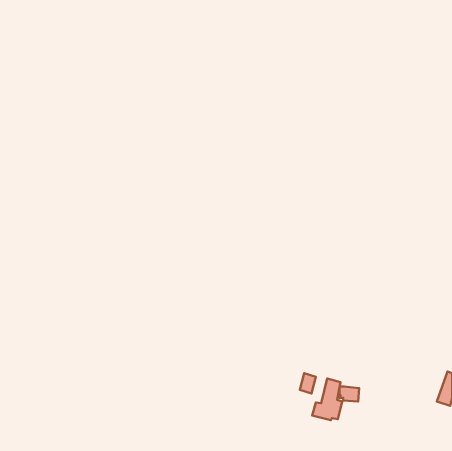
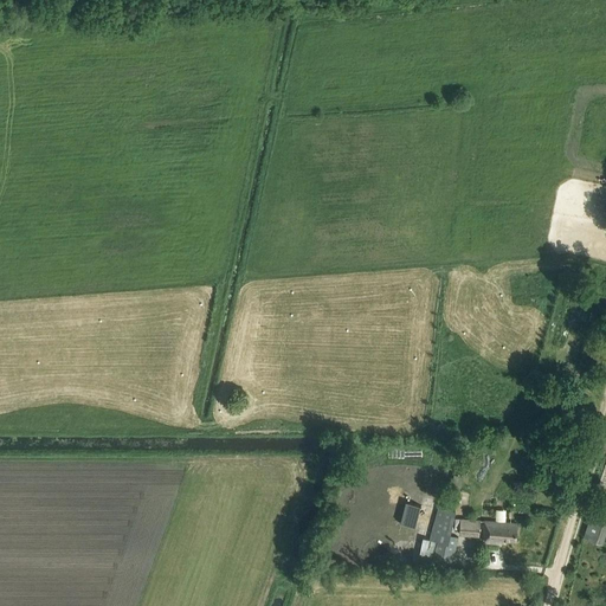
building: none -> [483,521,517,544]

